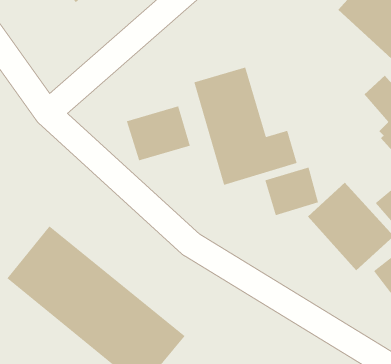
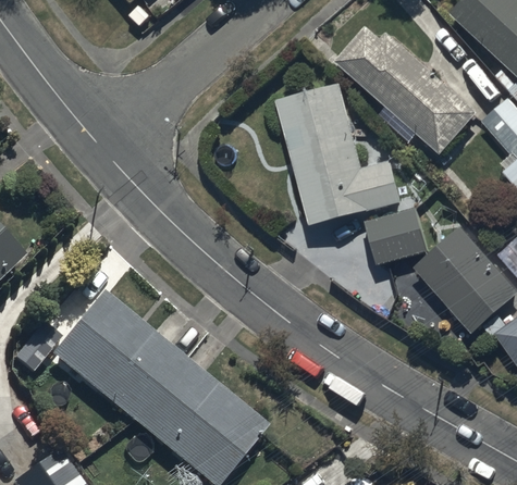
building: none -> [333,28,478,157]
building: [126,105,190,161] -> none

